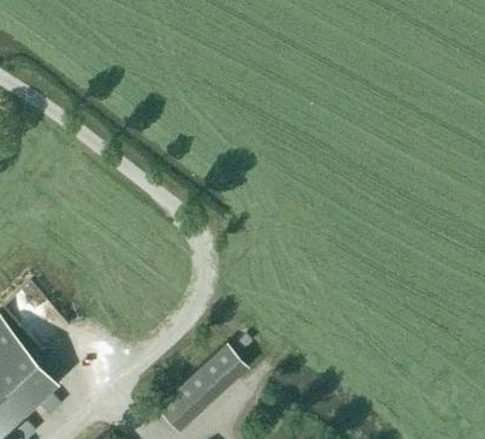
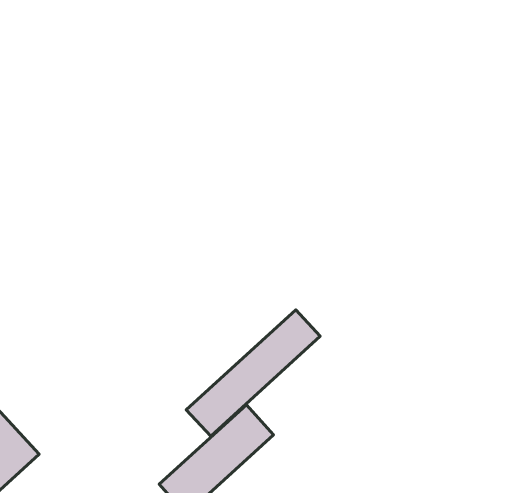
building: none -> [186,310,320,436]

